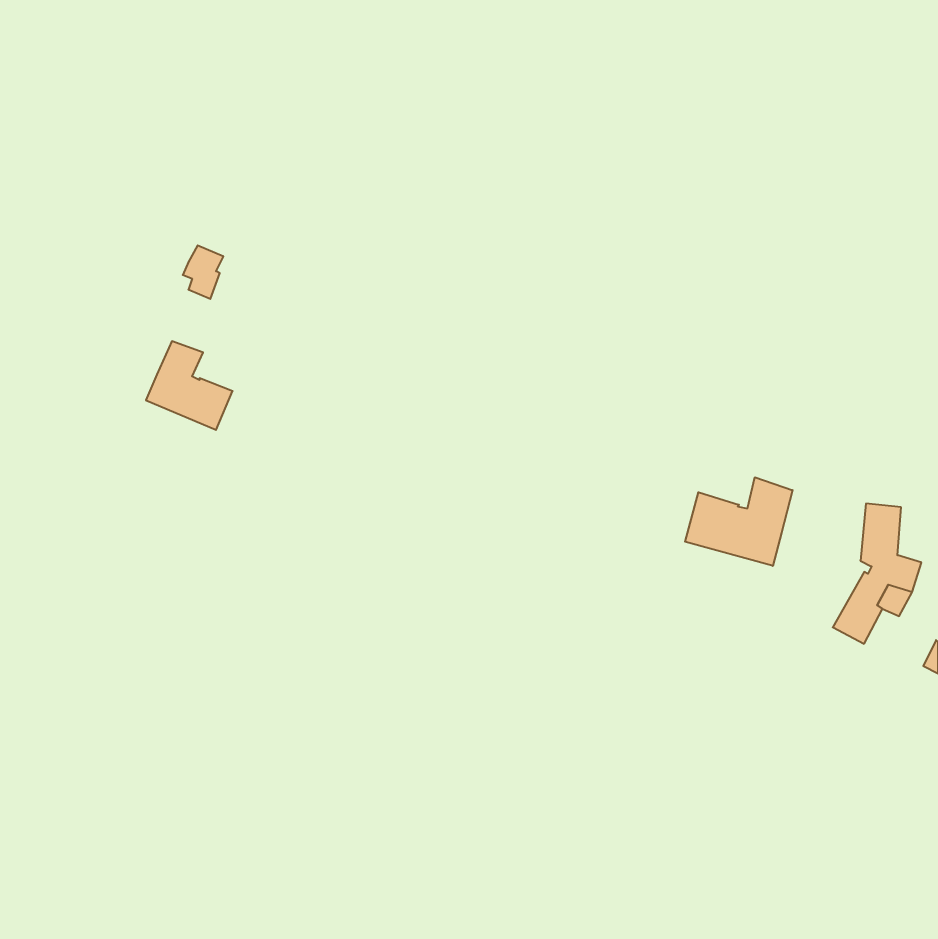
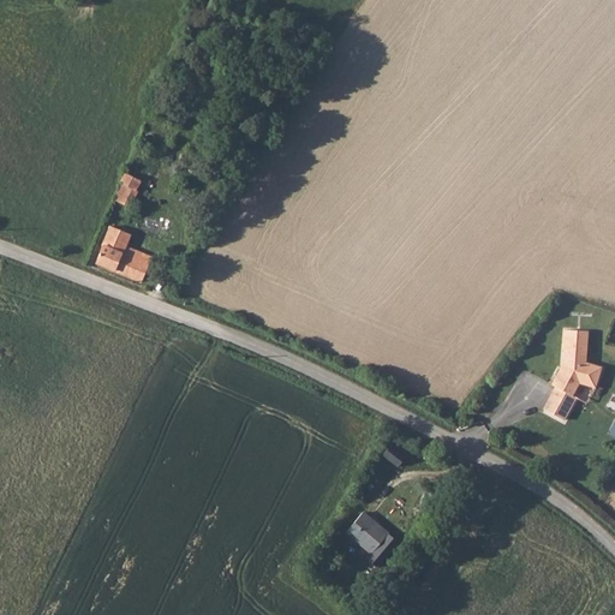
building: [685,477,793,566] -> none
building: none -> [350,514,392,553]

